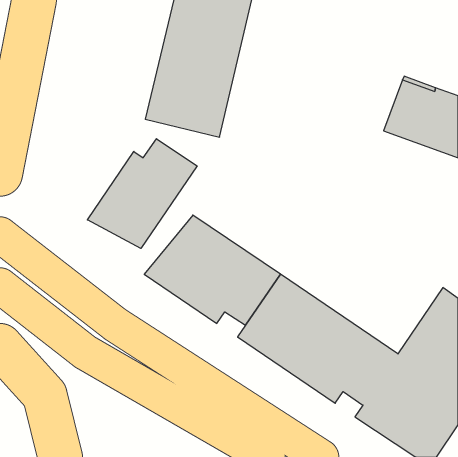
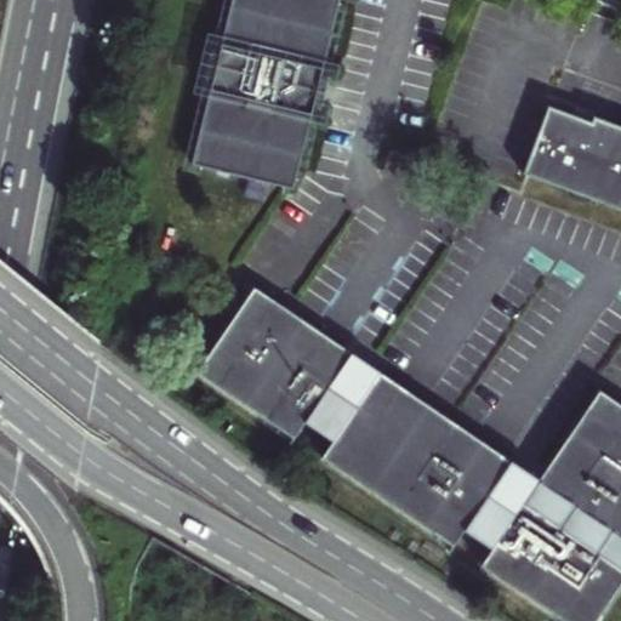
building: [87,139,197,248] -> none

